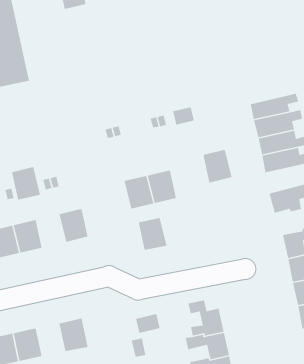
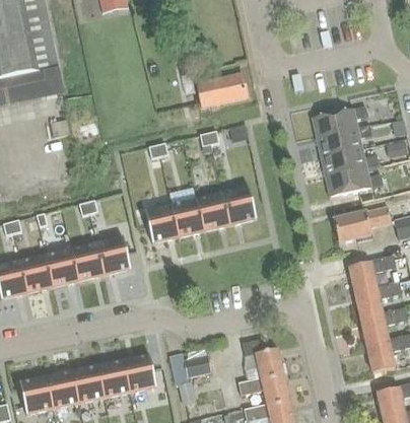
building: none -> [196,72,248,105]
building: [203,148,232,183] -> [222,185,256,224]
building: [11,166,41,201] -> [71,241,105,280]
building: [138,217,167,252] -> [144,204,178,242]
building: none -> [123,353,156,392]
building: none -> [71,364,104,402]

